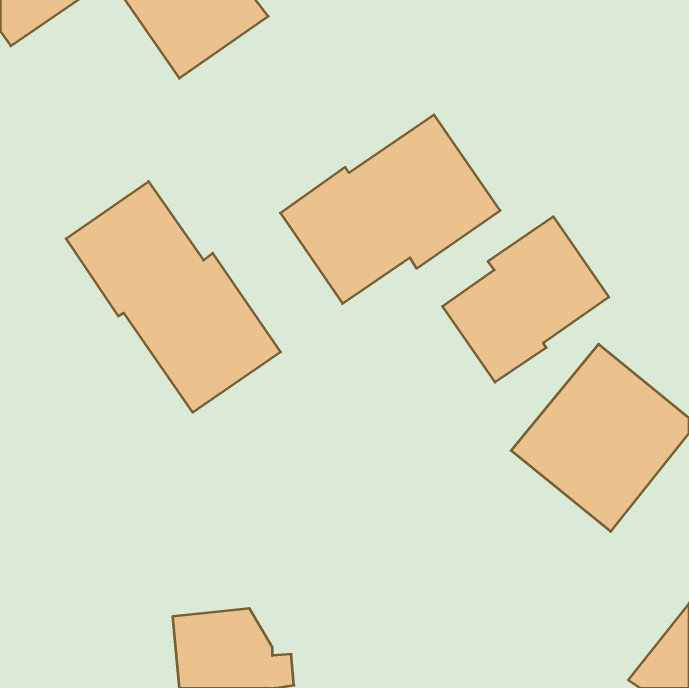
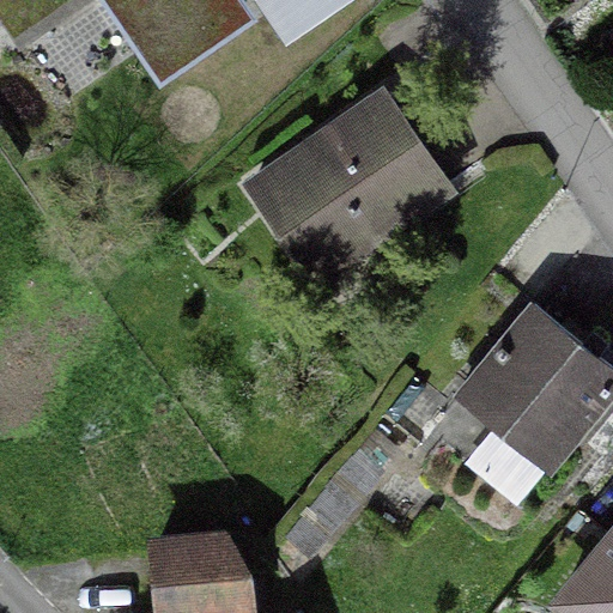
building: [66,181,281,412] -> none
building: [442,217,609,382] -> none

